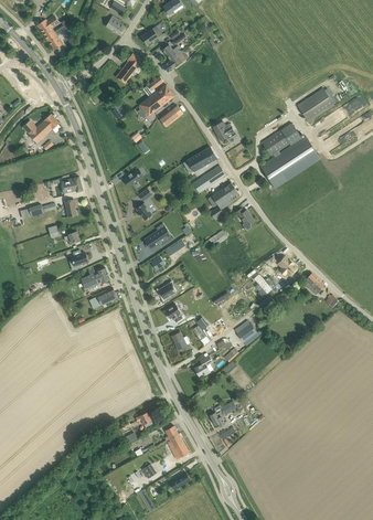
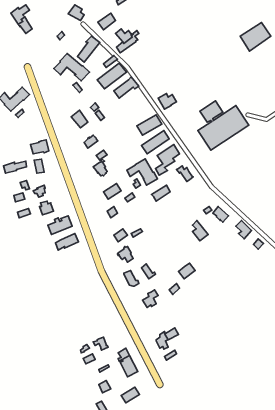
building: none -> [54,53,90,81]
building: [297,88,333,123] -> [240,22,271,51]
building: none -> [127,159,157,185]

